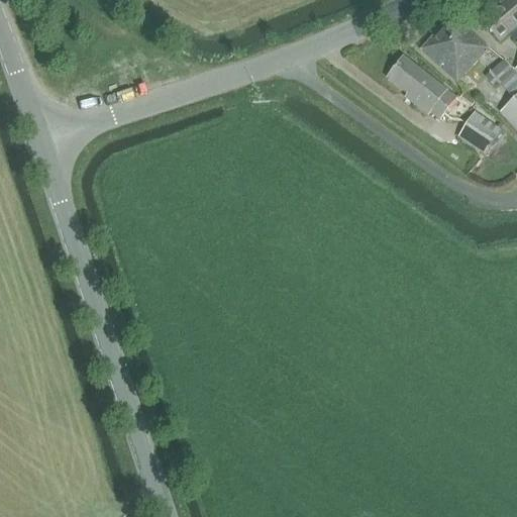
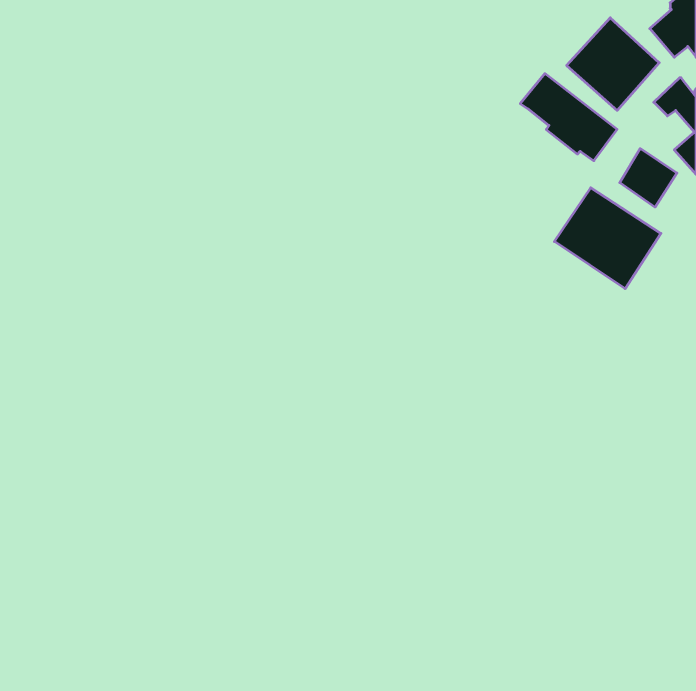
building: none -> [554,188,661,289]

